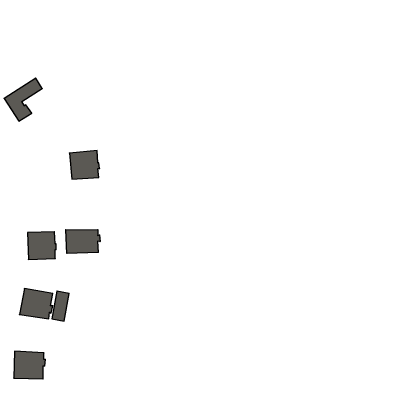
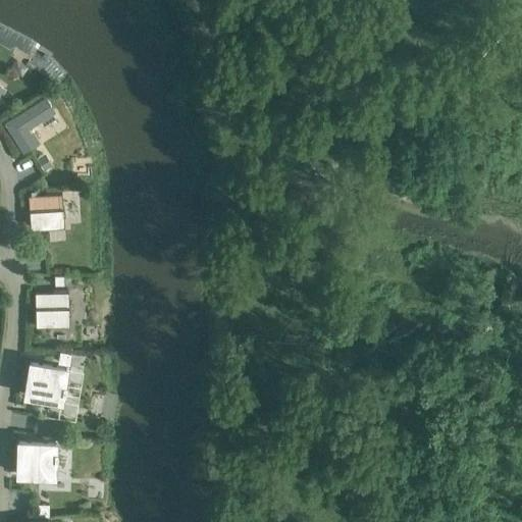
building: [69,151,100,179] -> [28,195,65,230]
building: [66,230,100,253] -> none

